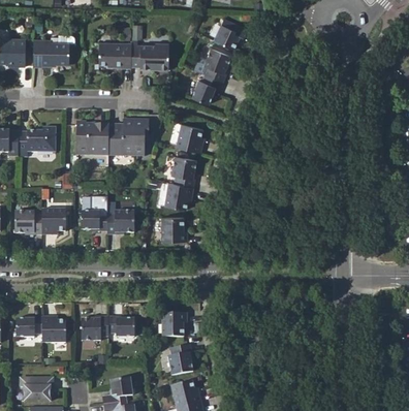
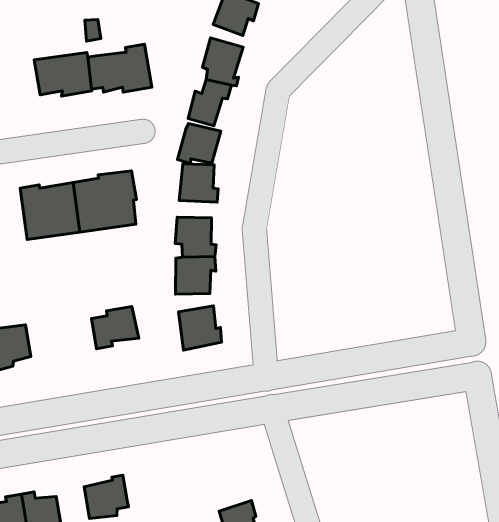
building: none -> [178,123,221,164]
building: [81,204,107,231] -> none
building: [159,313,184,338] -> none
building: [109,314,136,335] -> none

